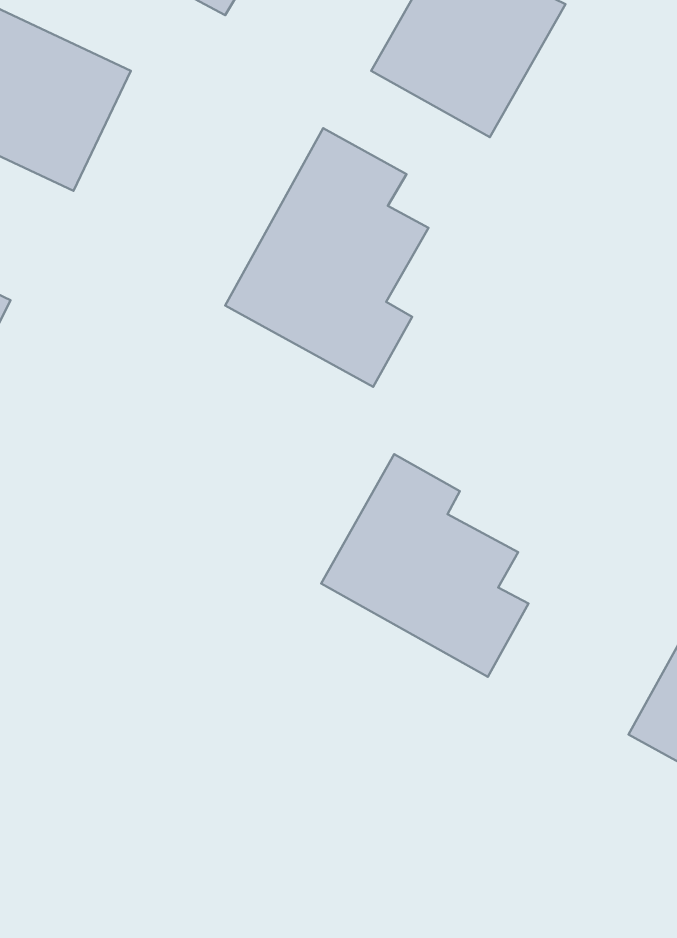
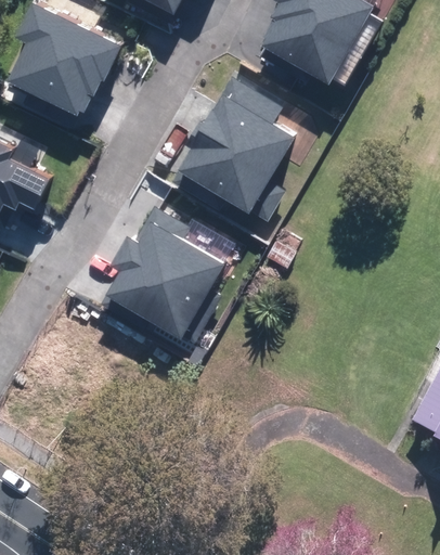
building: none -> [108,208,223,334]
building: [321,454,528,677] -> none

